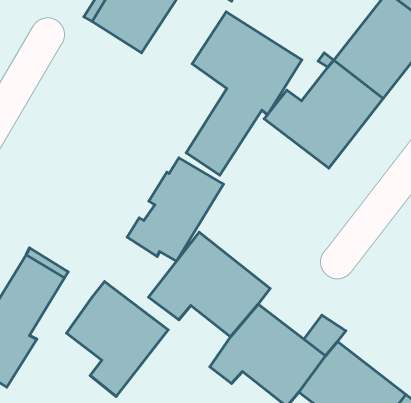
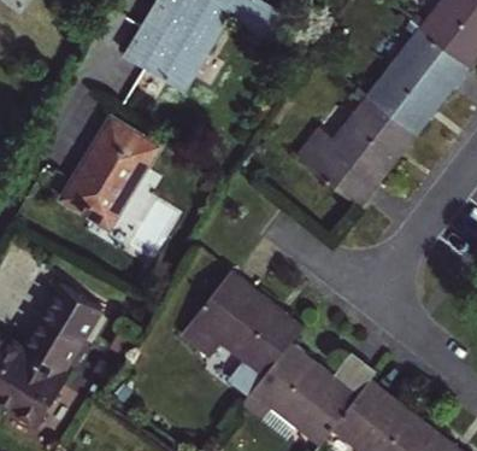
building: [186,12,302,175] -> none
building: [127,158,223,261] -> [61,118,158,222]
building: [66,282,168,396] -> none

